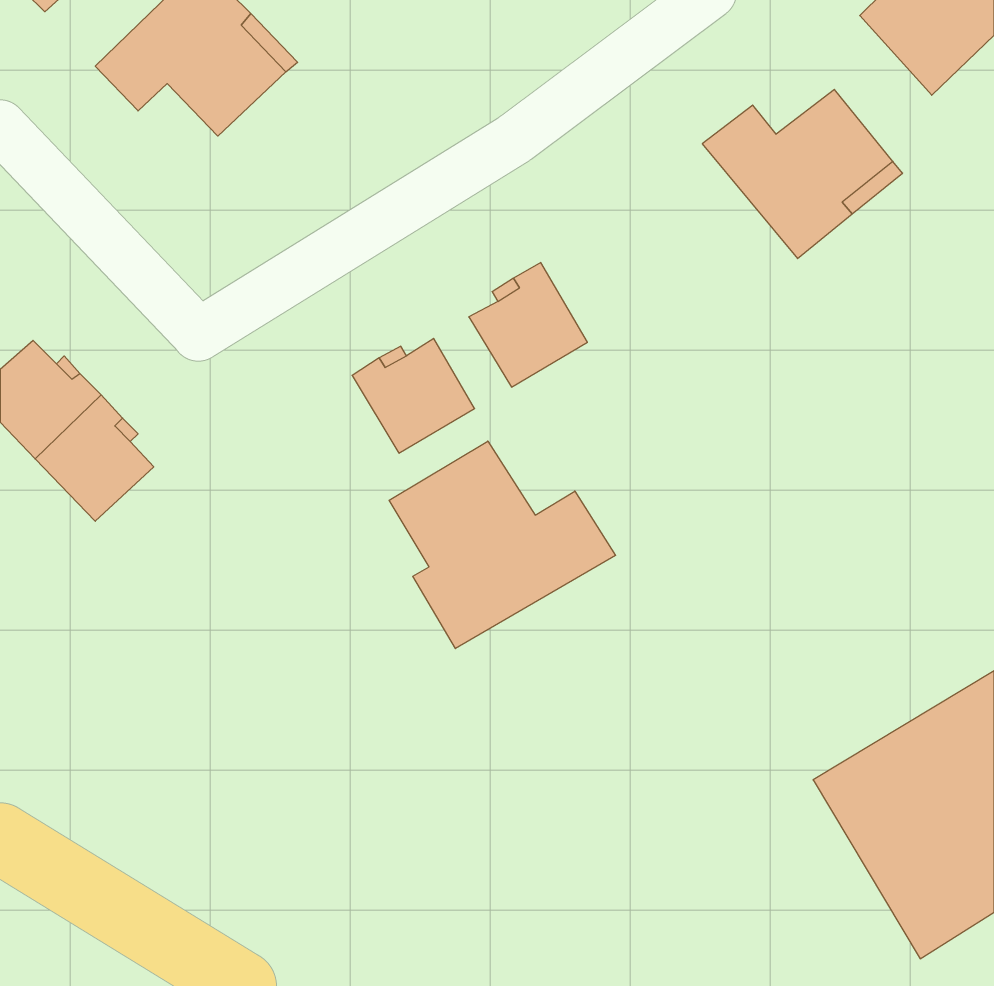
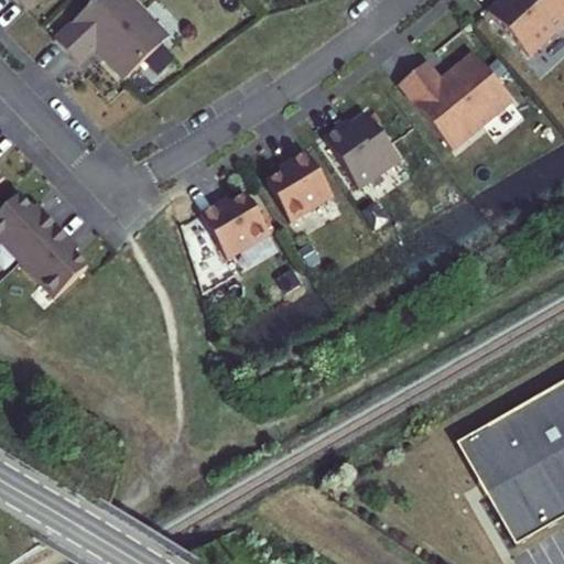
building: none -> [323,111,399,186]
building: [389,441,616,649] -> none

